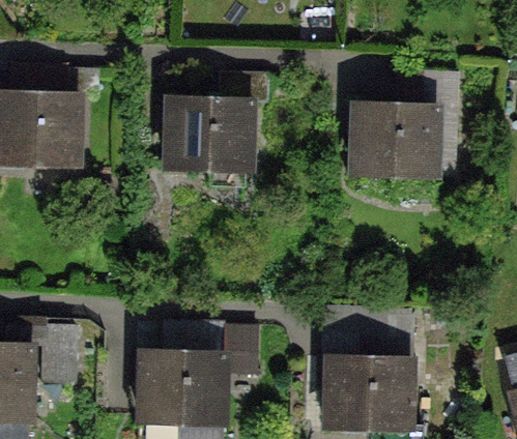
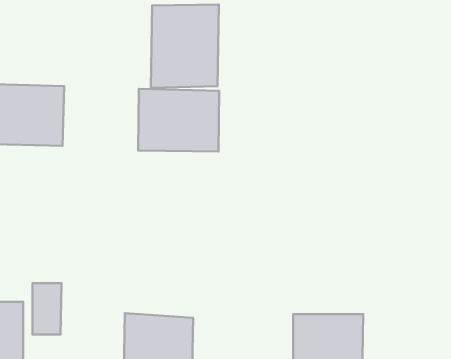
building: none -> [151,5,219,88]
building: [347,104,442,177] -> none

